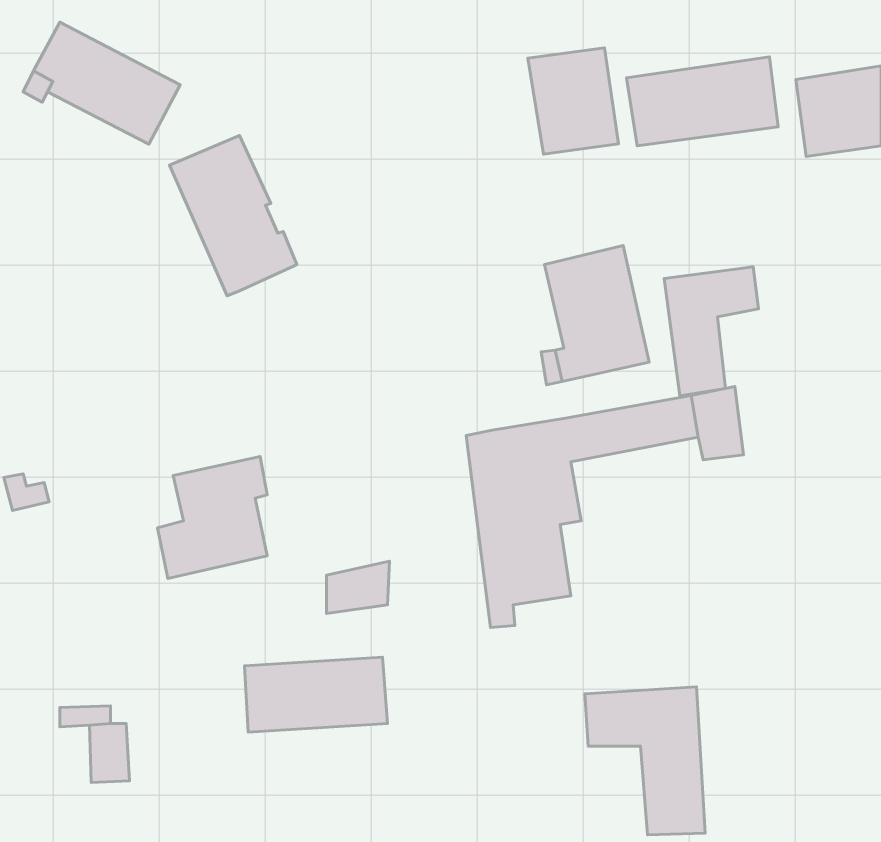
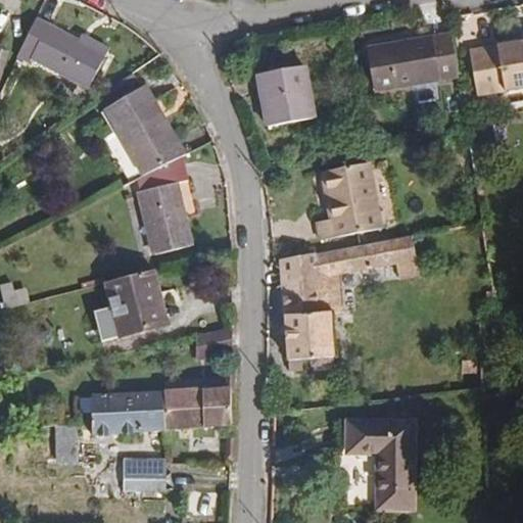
building: [528,48,619,154] -> [258,66,312,129]
building: none -> [134,159,189,260]
building: [664,267,759,396] -> none
building: none -> [84,393,148,435]
building: none -> [127,465,164,492]

